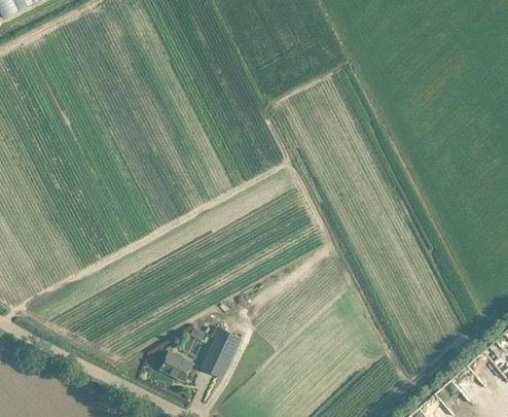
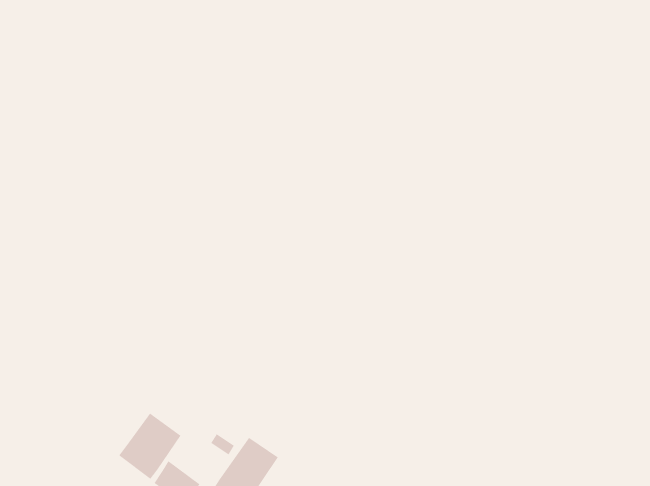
building: none -> [118,413,182,480]

